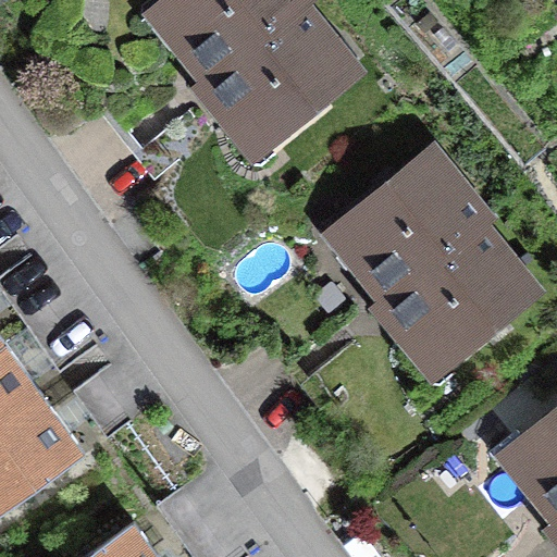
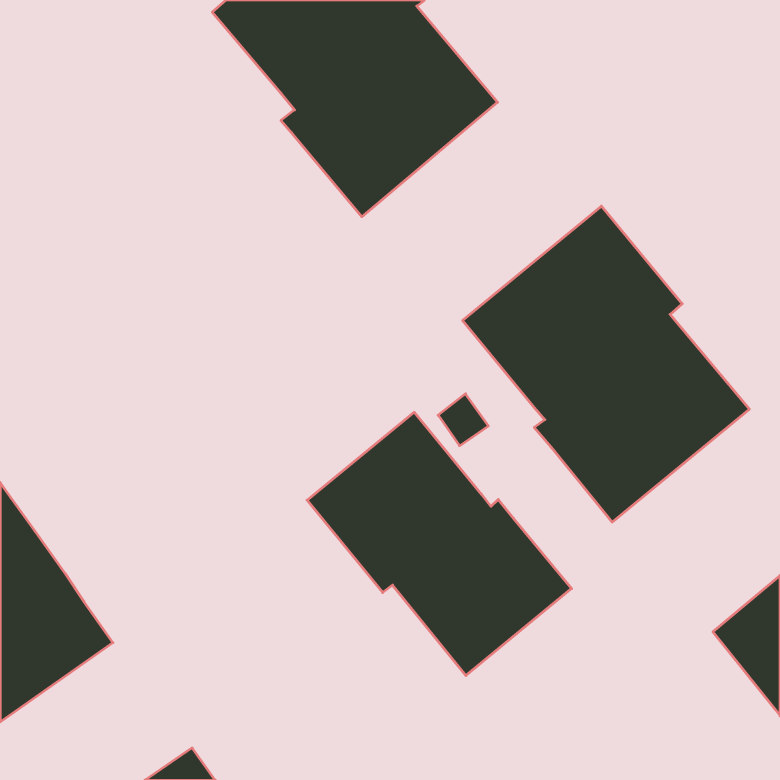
building: none -> [307,412,572,676]

